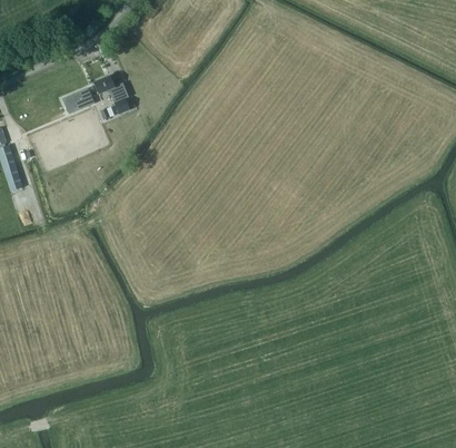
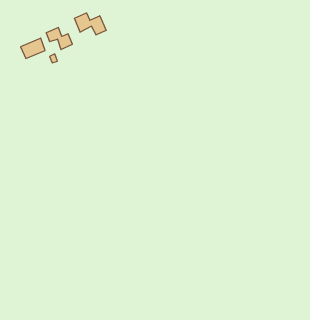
building: none -> [74,13,106,35]

